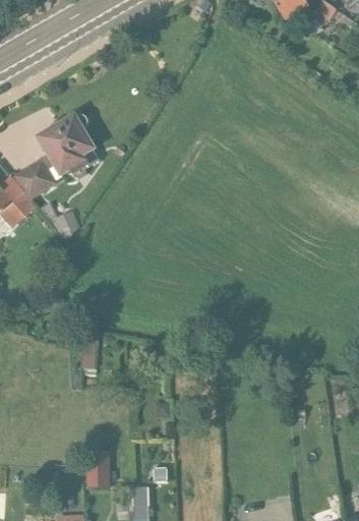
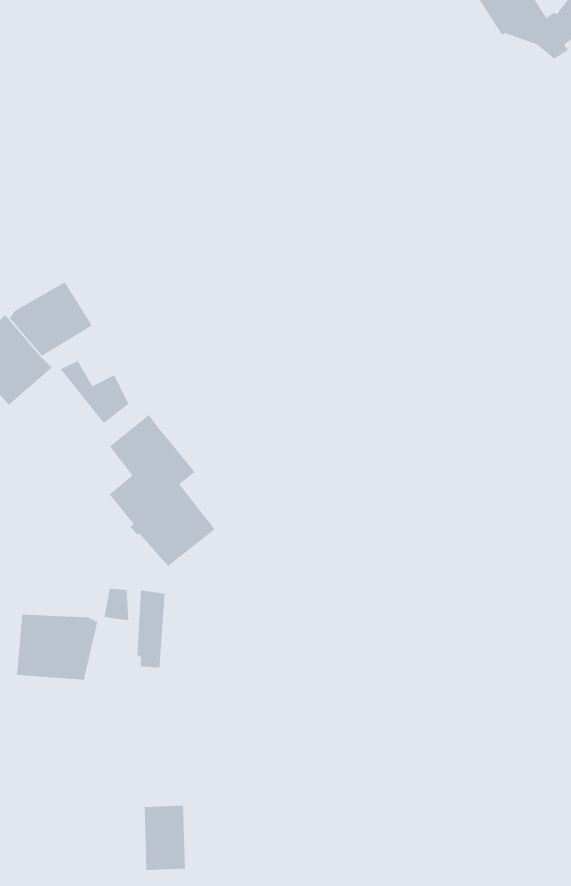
building: [40,113,100,178] -> none
building: none -> [109,414,215,567]
building: none -> [17,614,98,680]

